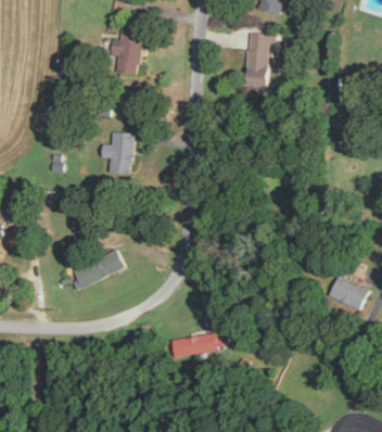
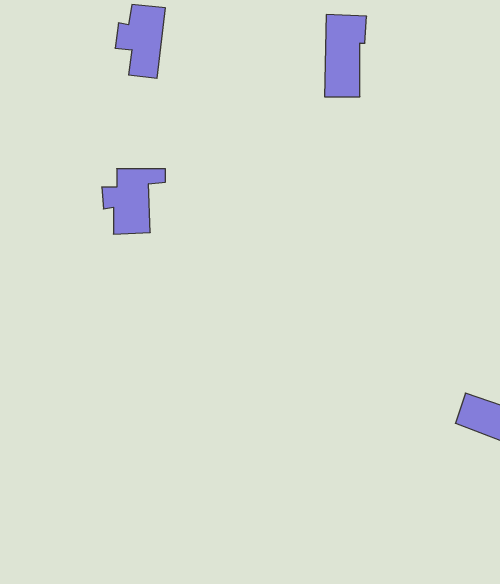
building: [71,250,124,291] -> none
building: [171,333,221,356] -> none

